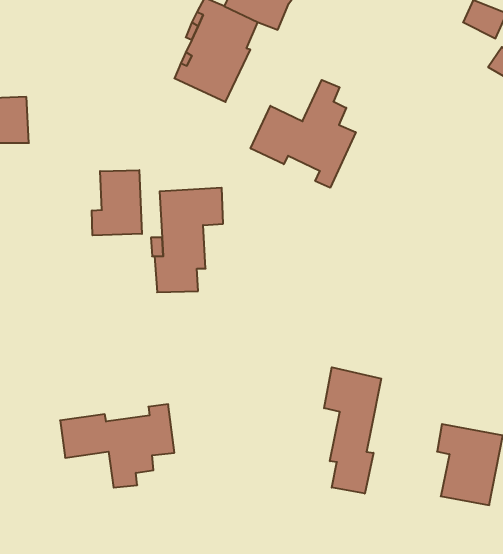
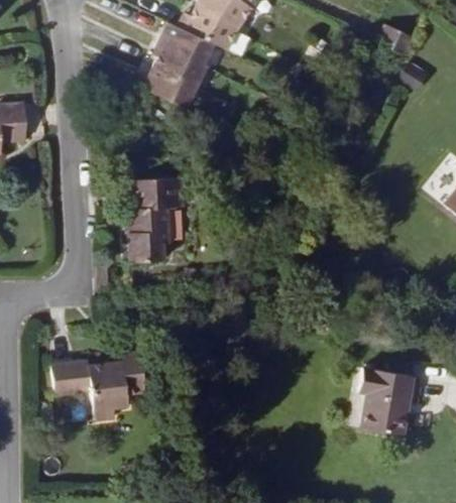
building: [251,80,356,188] -> none
building: [92,170,142,235] -> none
building: [324,367,381,494] -> none

